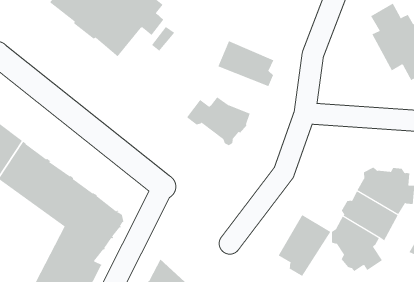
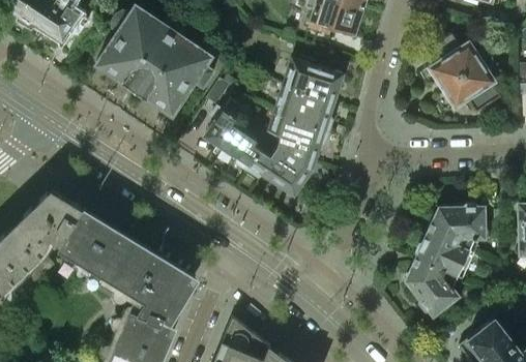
building: none -> [285,56,343,104]
building: none -> [206,99,260,171]
building: none -> [270,116,330,161]
building: [278,214,331,277] -> none

